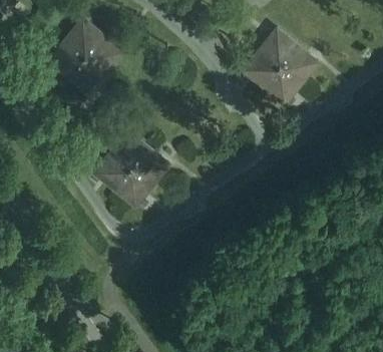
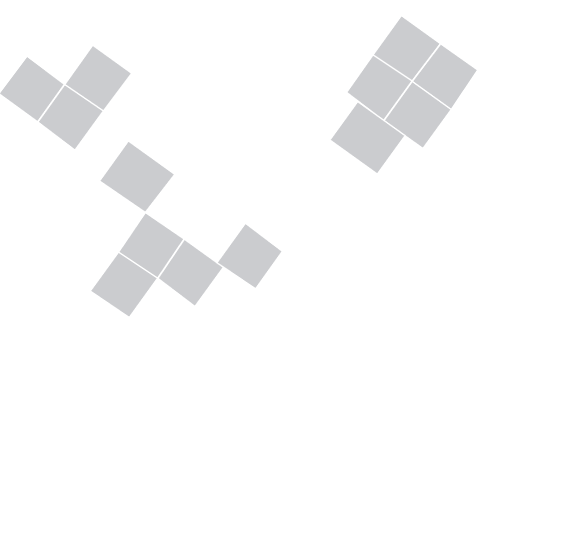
building: [65,19,102,57] -> none
building: none -> [330,102,405,174]
building: none -> [99,141,175,213]
building: [114,168,151,206] -> [217,223,283,289]

